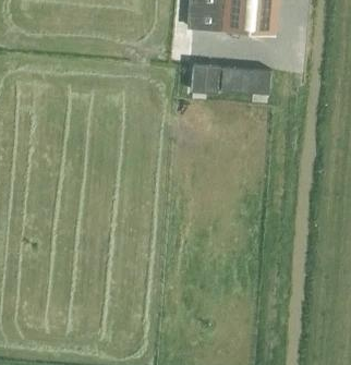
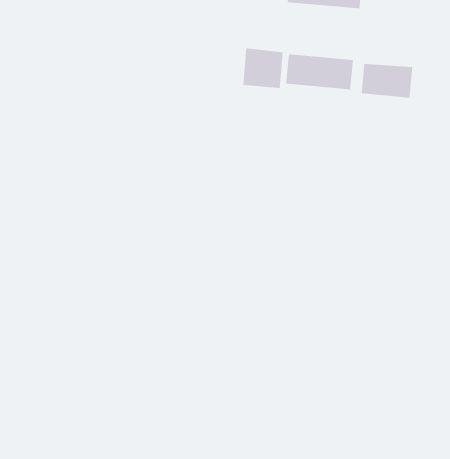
building: none -> [361,63,413,99]

